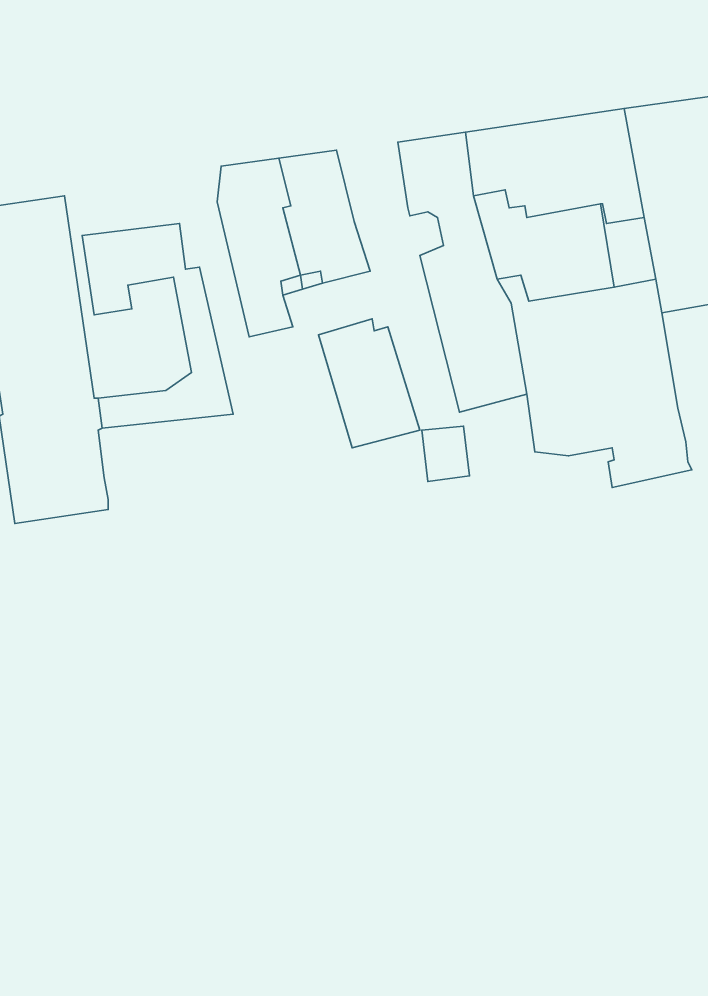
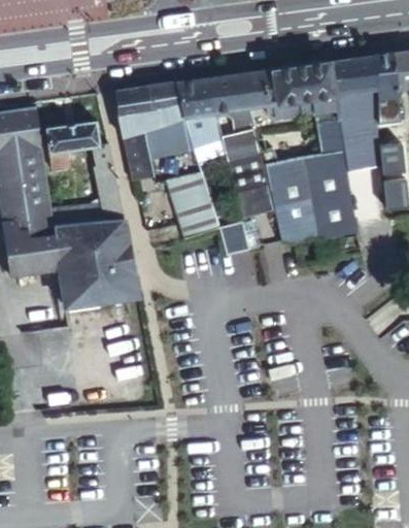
building: none -> [177,79,220,146]
building: none -> [54,221,137,307]

